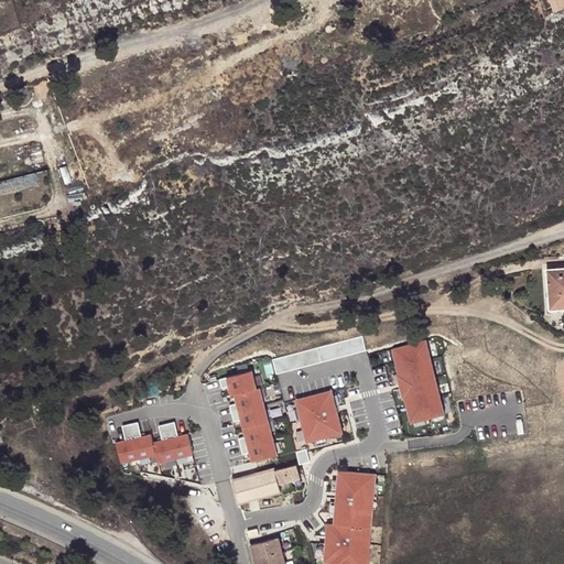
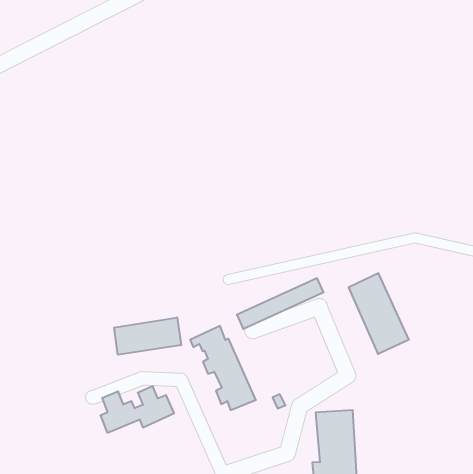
building: none -> [114,317,181,355]
building: [293,389,341,442] -> none
building: [232,463,292,503] -> none

